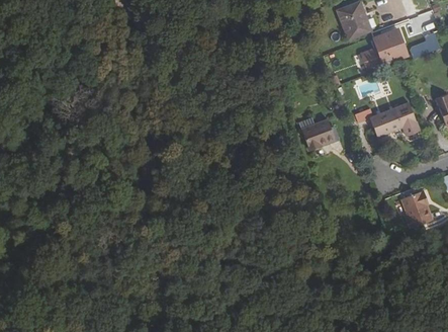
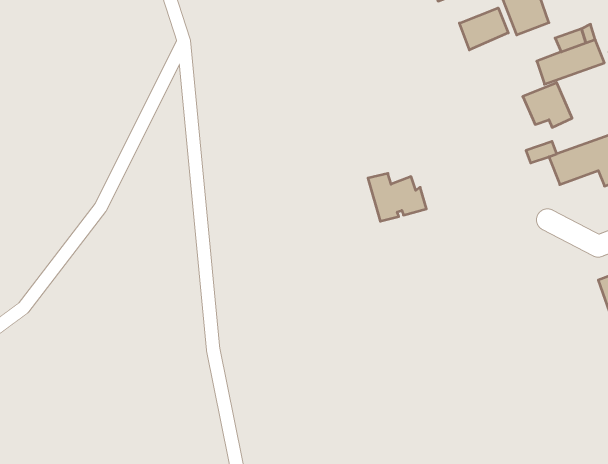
building: none -> [459,8,508,50]
building: [298,119,337,151] -> [368,173,426,221]

